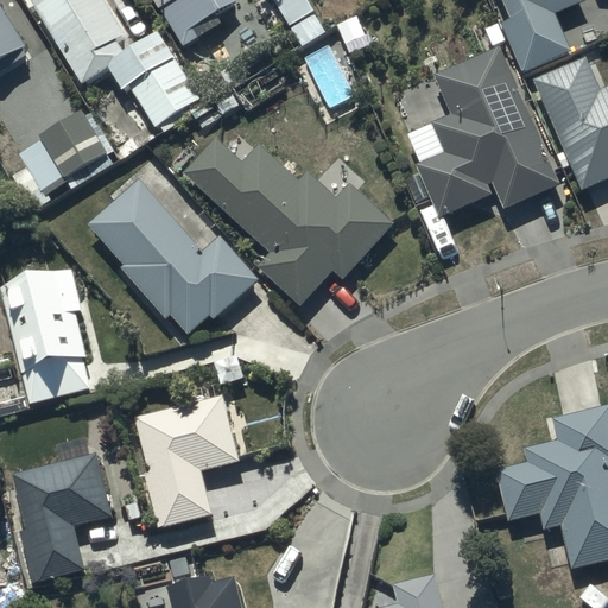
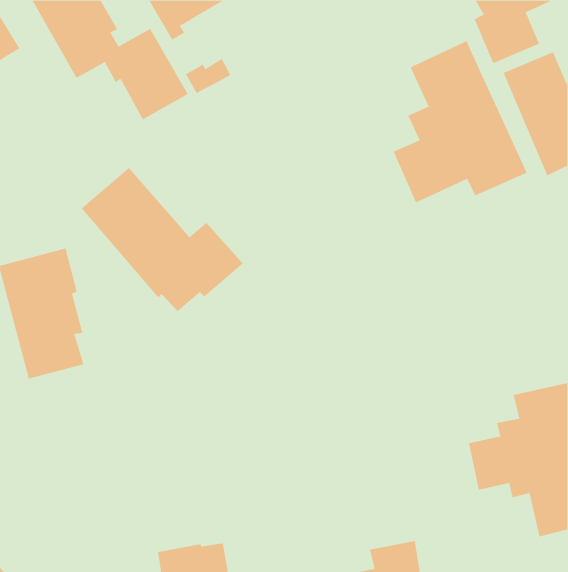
building: [8,107,108,209] -> none
building: [183,133,391,305] -> none
building: [138,397,239,521] -> none
building: [6,454,110,581] -> none

